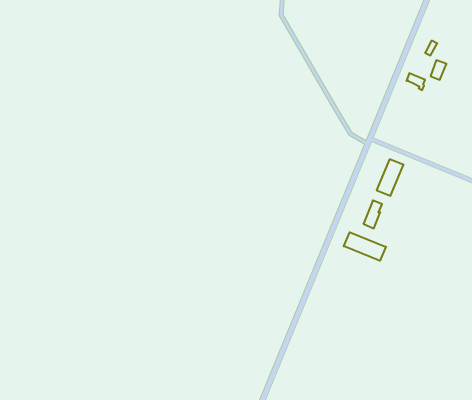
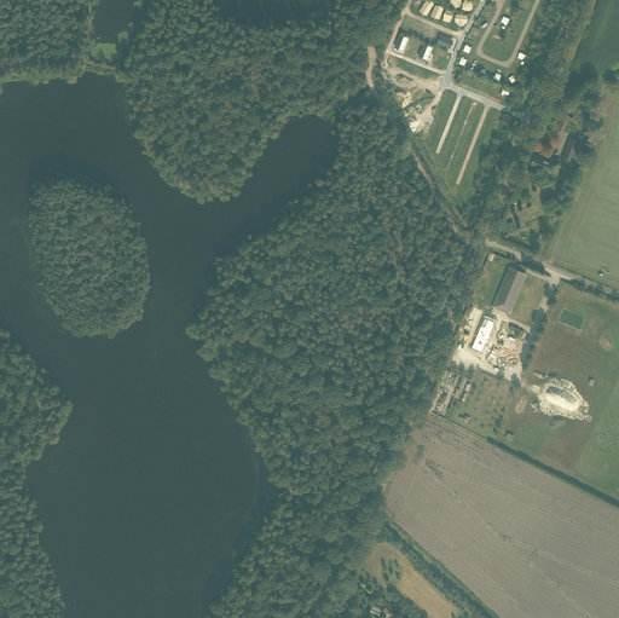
building: [344,232,386,261] -> none

